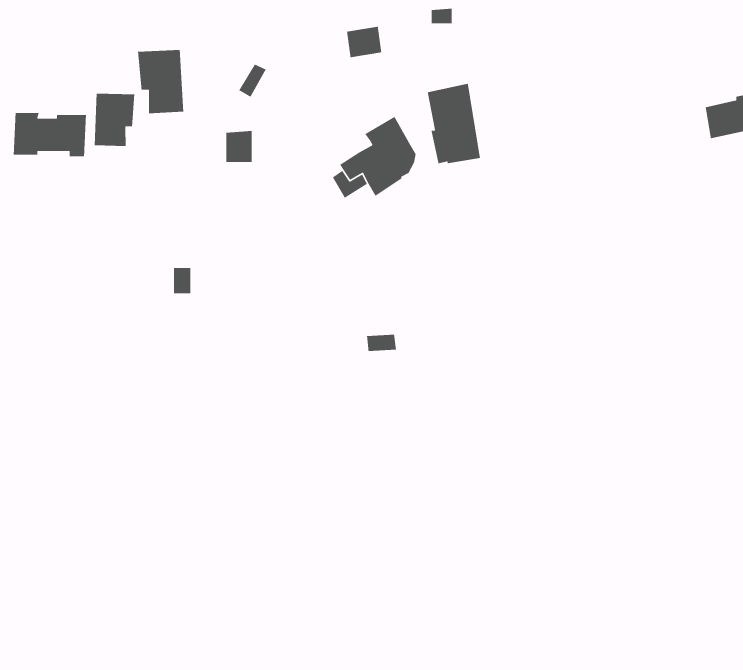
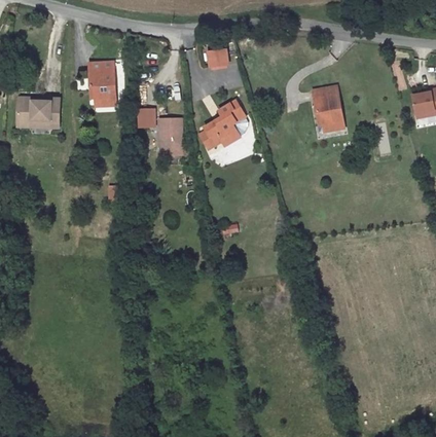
building: [427,83,481,164] -> [313,85,343,132]
building: [94,93,135,147] -> none
building: none -> [159,118,182,154]

